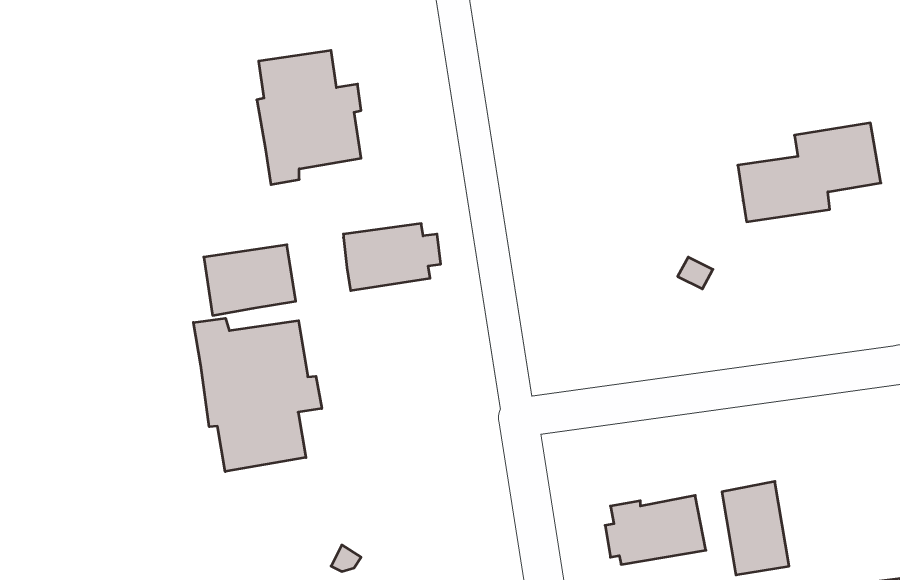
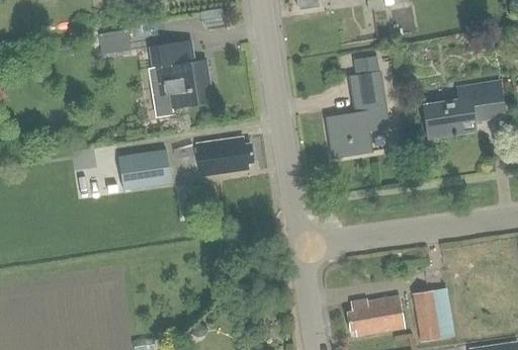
building: none -> [95,29,127,55]
building: none -> [327,56,387,158]
building: [193,318,322,472] -> none

